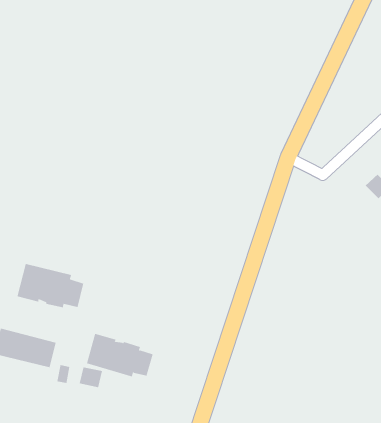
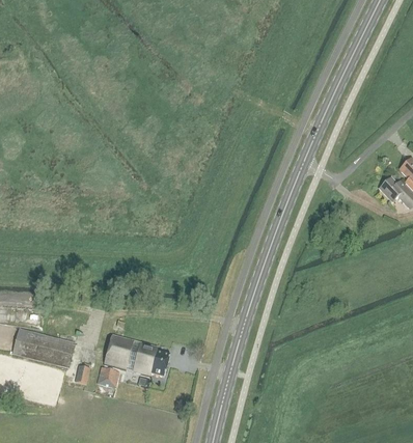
building: [17,263,84,308] -> none

